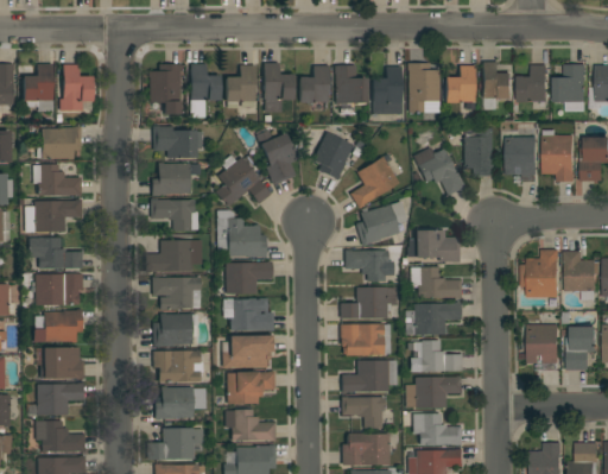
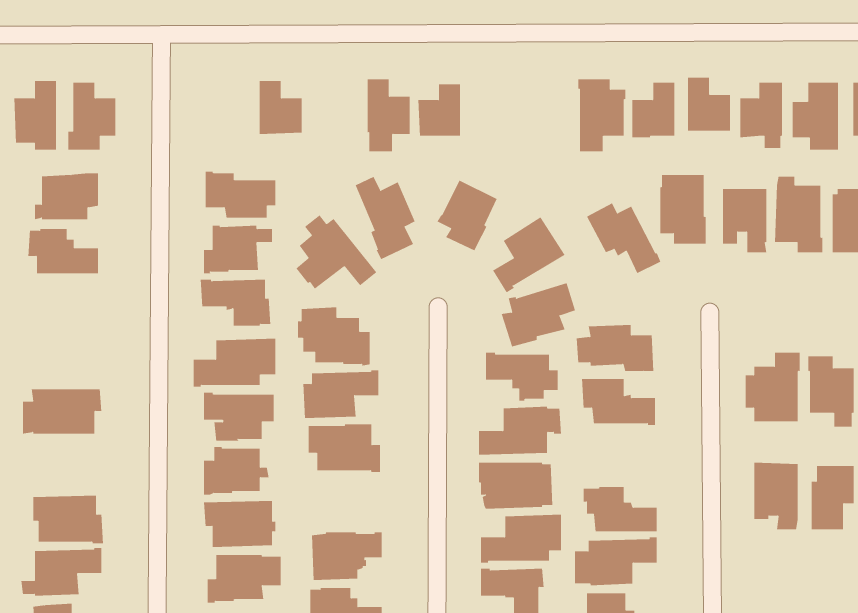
building: [150,64,183,115] -> none
building: [227,65,256,108] -> none
building: [335,65,368,103] -> none
building: [373,67,403,115] -> none
building: [25,201,82,233] -> none
building: [30,238,83,270] -> none
building: [406,302,462,336] -> none
building: [36,310,83,342] -> none
building: [223,335,274,368] -> none

